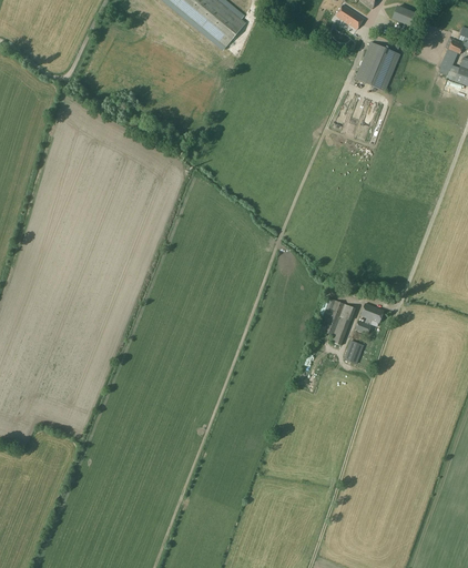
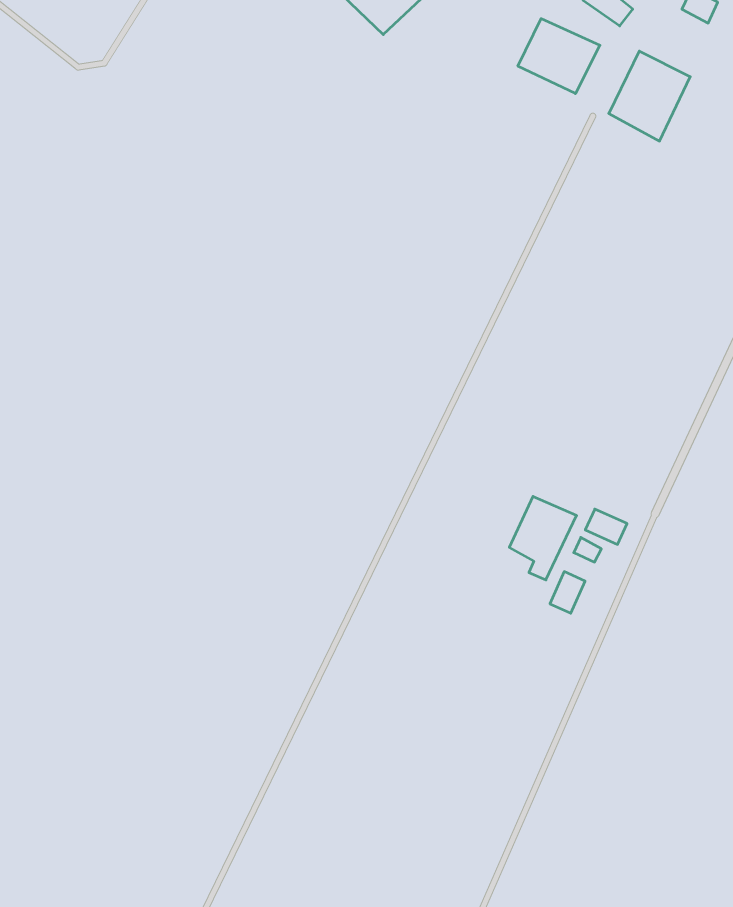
building: none -> [518,19,600,94]

